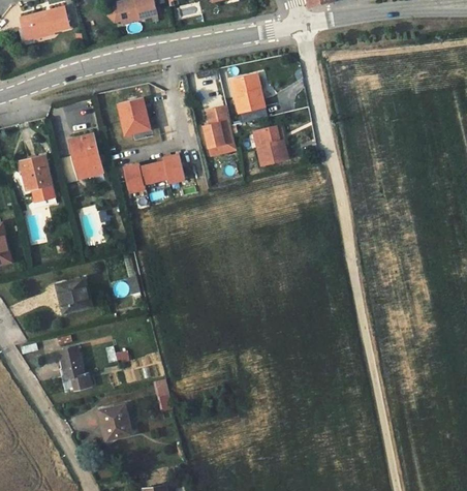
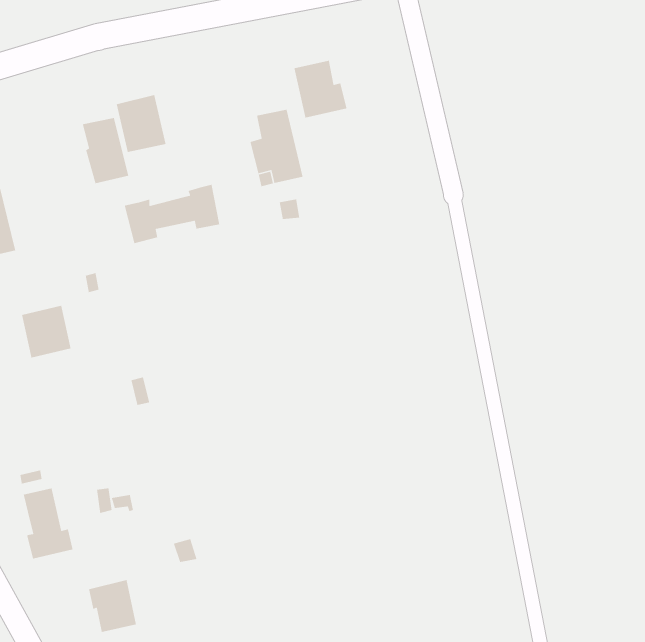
building: [253,127,287,165] -> none
building: [71,134,101,177] -> [82,117,129,184]
building: [57,278,89,312] -> [21,305,72,359]

